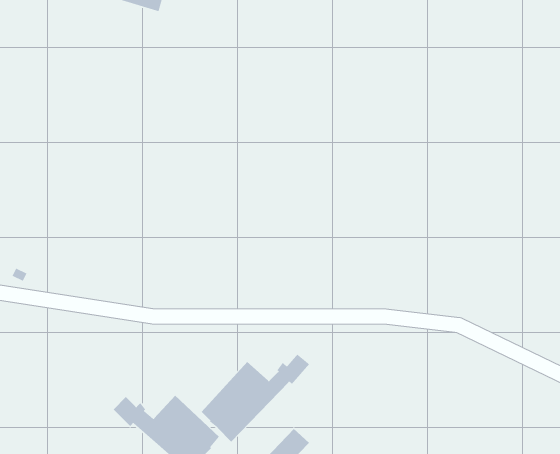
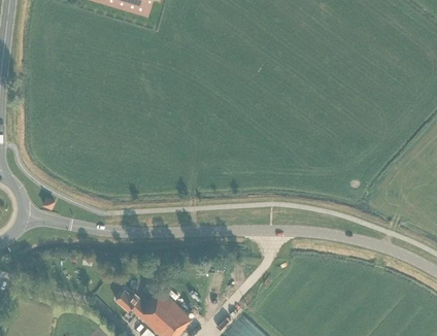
building: [201,353,310,443] -> none

